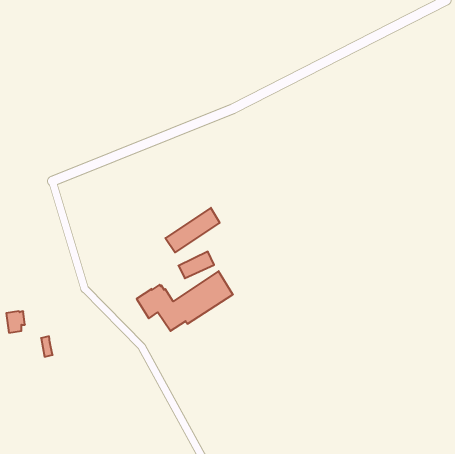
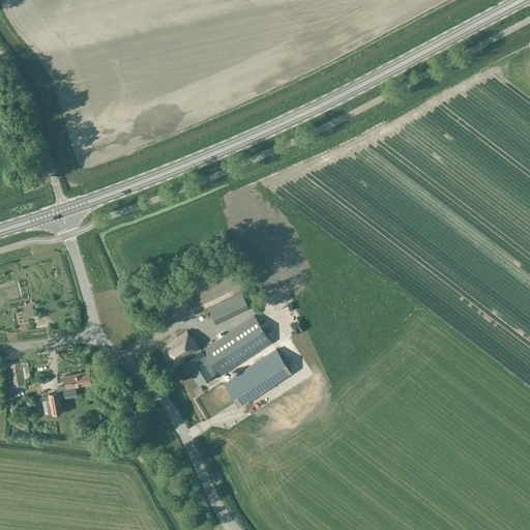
building: [165,208,220,252] -> [223,350,286,402]
building: none -> [56,374,91,400]

